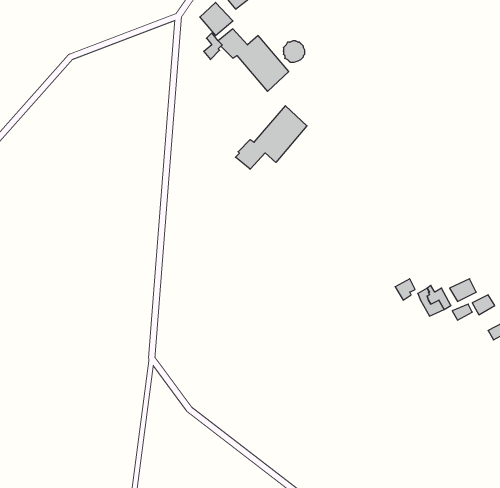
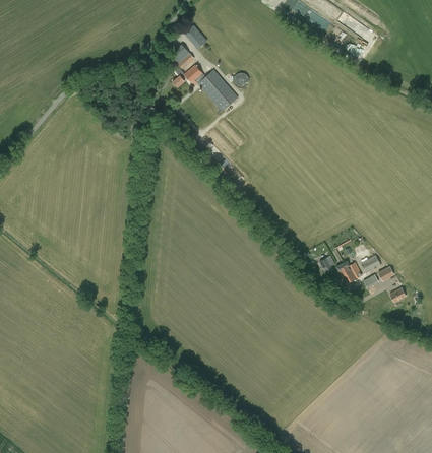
building: [235,106,307,169] -> none

